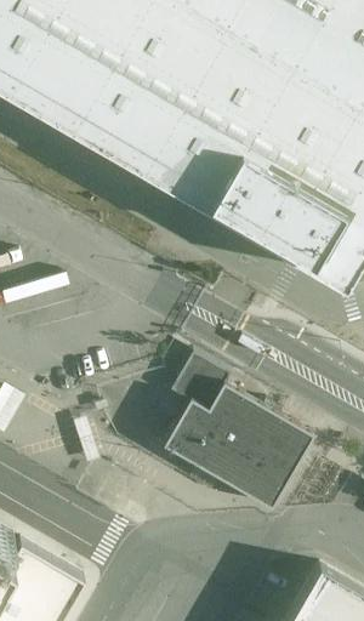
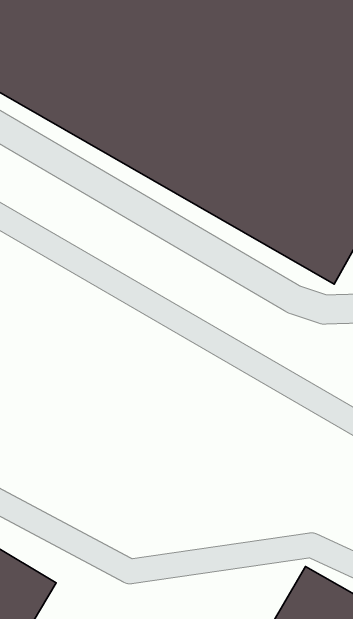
building: [161,354,308,511] -> none

